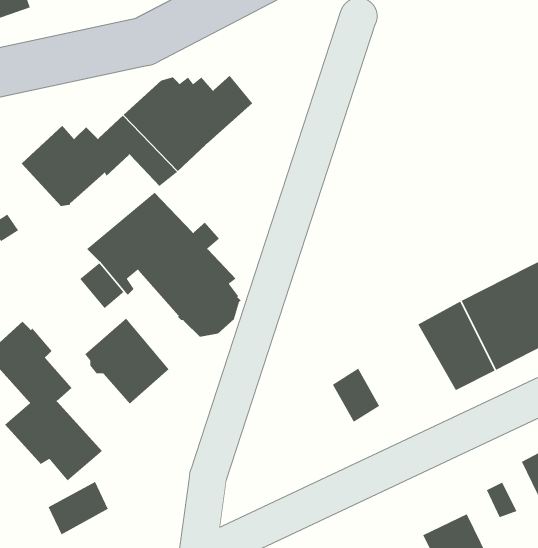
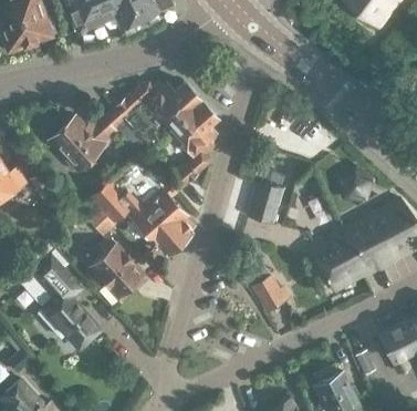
building: none -> [169,100,218,189]
building: none -> [248,182,283,224]
building: [47,481,109,535] -> none

